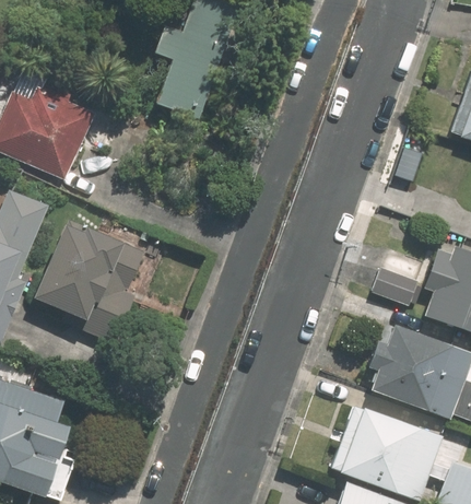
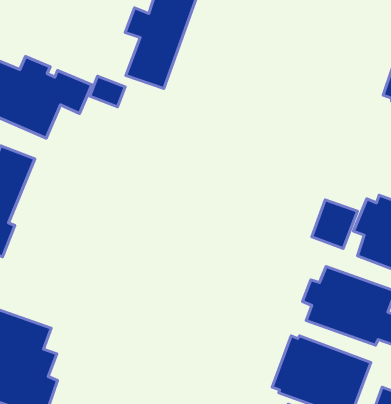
building: [36,214,148,332] -> none

